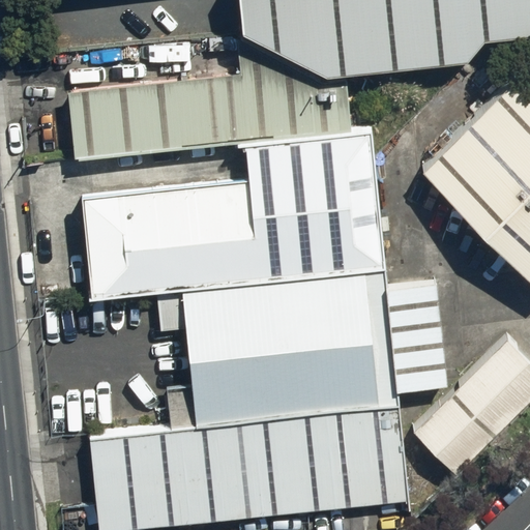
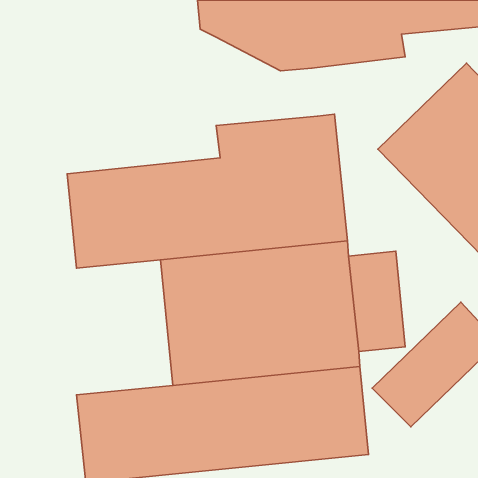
building: [67,46,353,158] -> none

